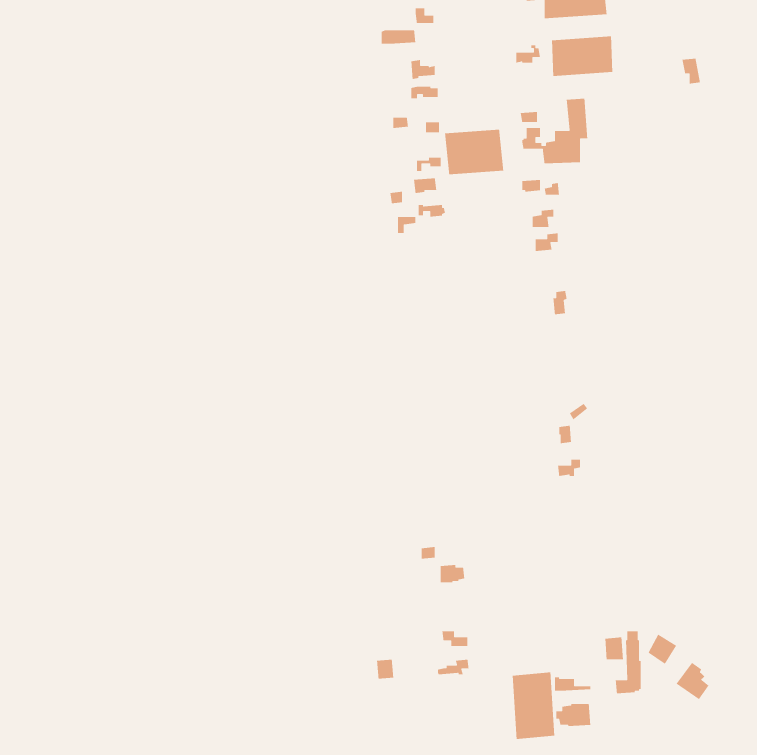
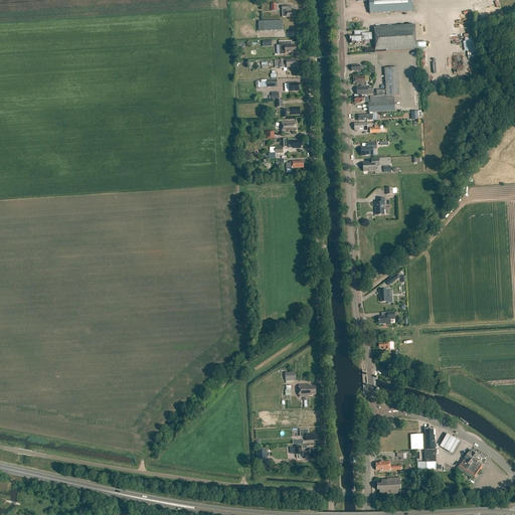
building: [444,129,504,175] -> none
building: [512,671,555,740] -> none

